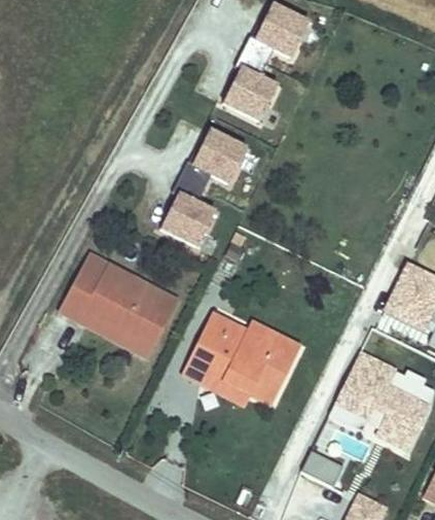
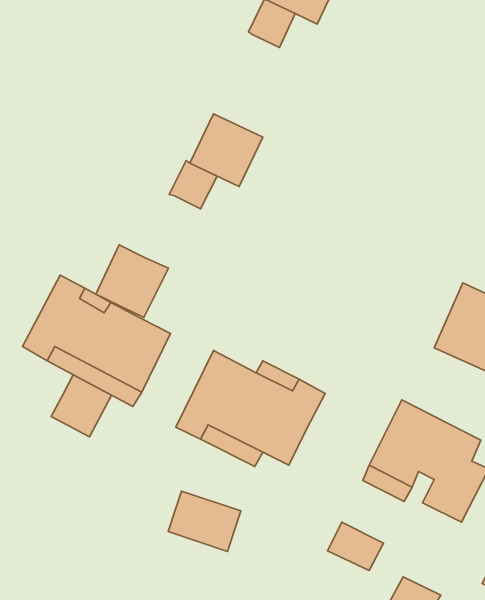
building: [223,63,281,120] -> none
building: [161,190,219,248] -> [96,245,168,318]
building: none -> [51,375,112,437]
building: none -> [168,491,241,551]

